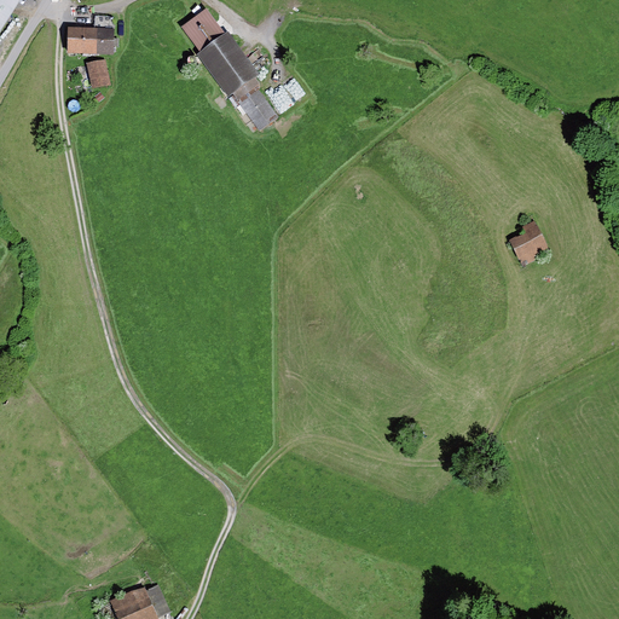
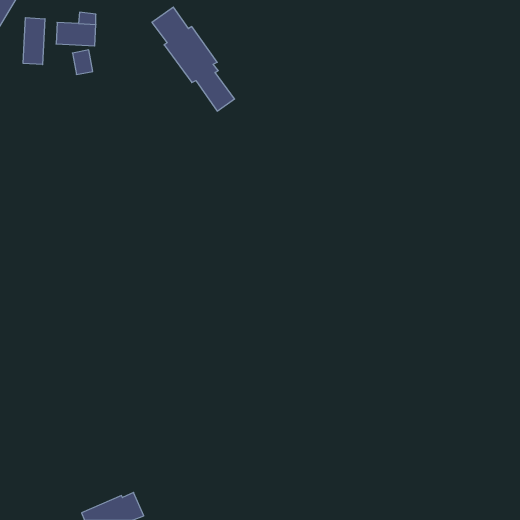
building: none -> [23,18,45,65]
building: [509,221,549,265] -> none

